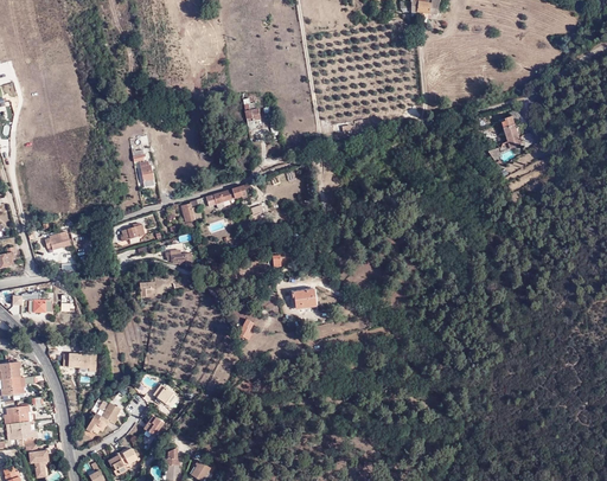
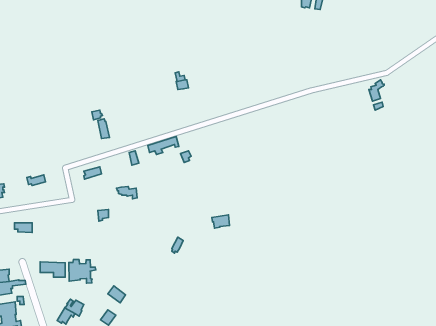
building: none -> [69,259,96,283]

